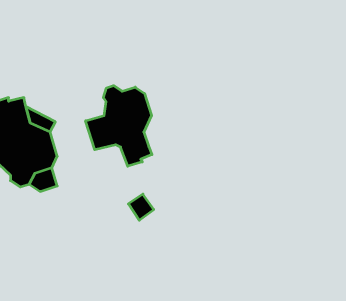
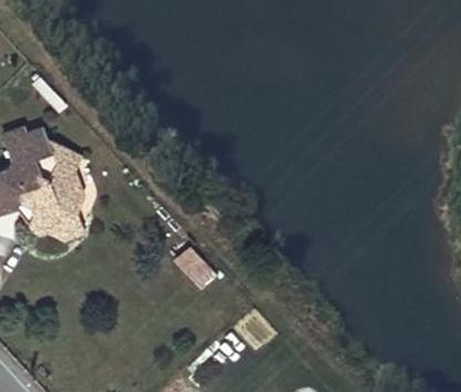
building: [86,86,152,166] -> none

